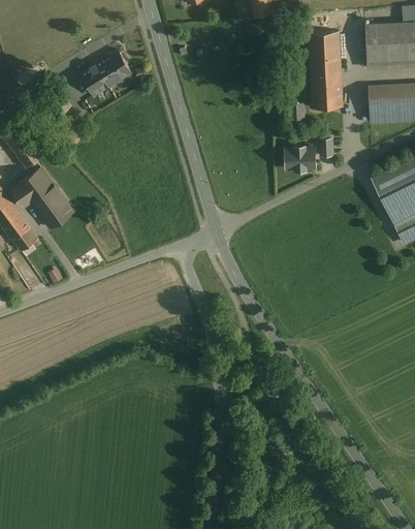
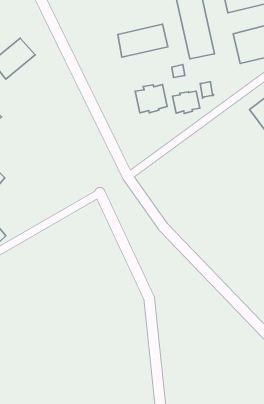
building: none -> [118,24,168,57]
building: none -> [135,85,167,113]

